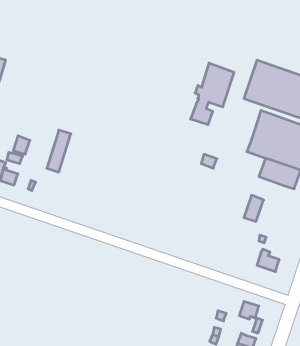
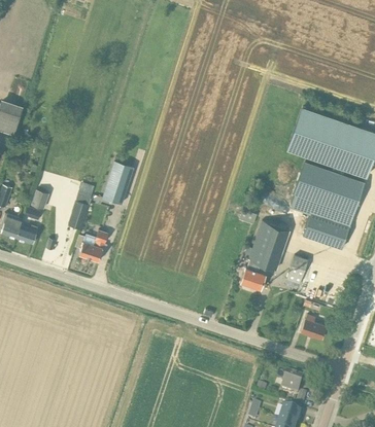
building: [190,63,234,125] -> [240,220,288,288]
building: none -> [103,159,133,203]
building: none -> [75,229,108,260]

